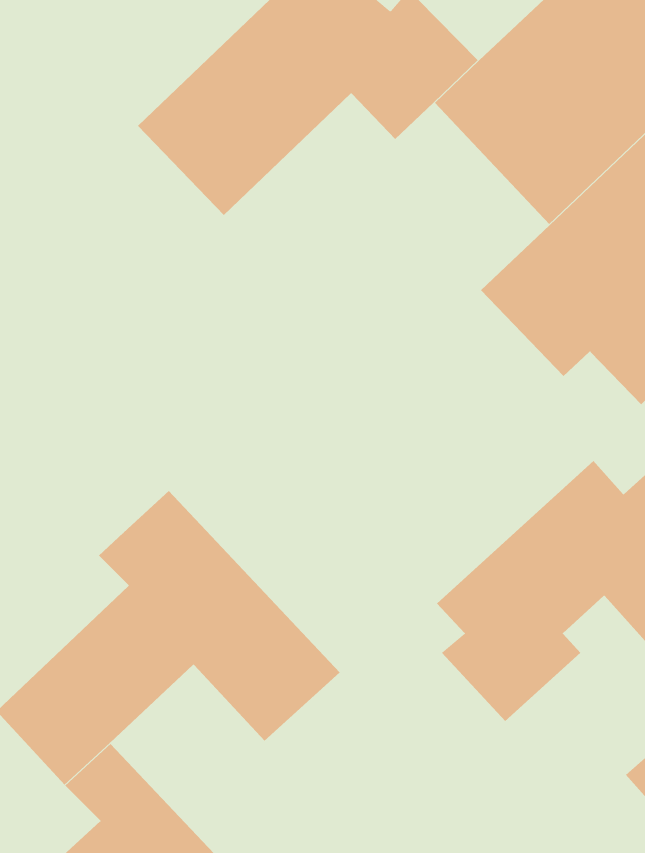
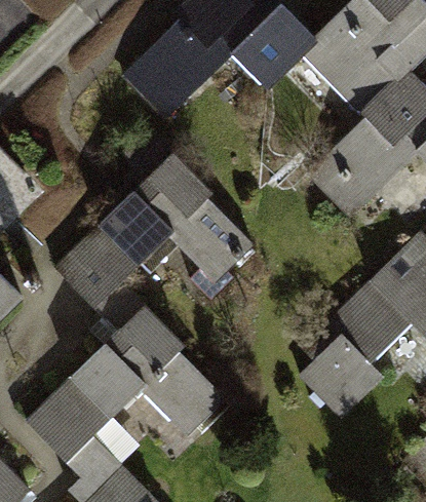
building: none -> [59,134,256,312]

